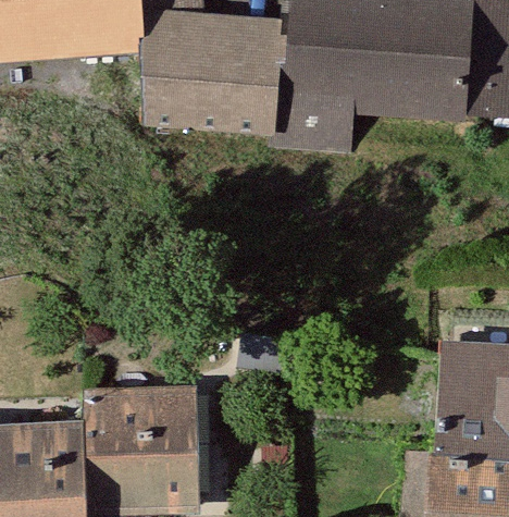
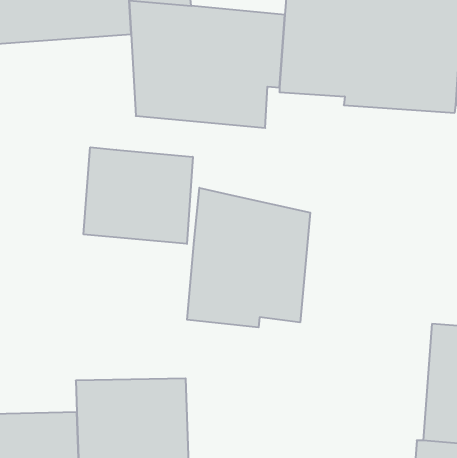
building: [274,94,355,159] -> none
building: none -> [84,147,193,244]
building: none -> [187,188,310,327]

